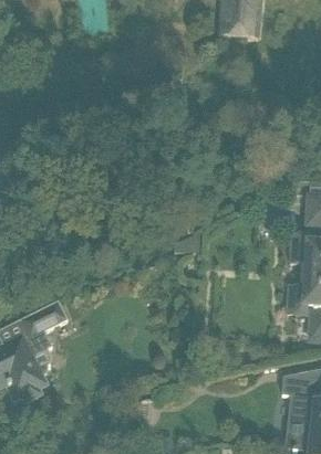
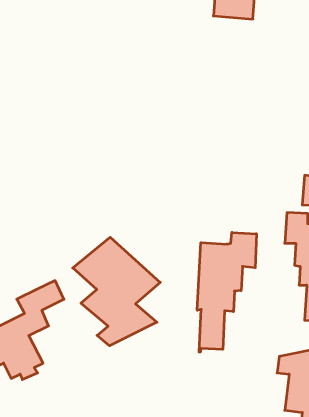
building: none -> [197,232,256,352]
building: none -> [73,237,160,346]

